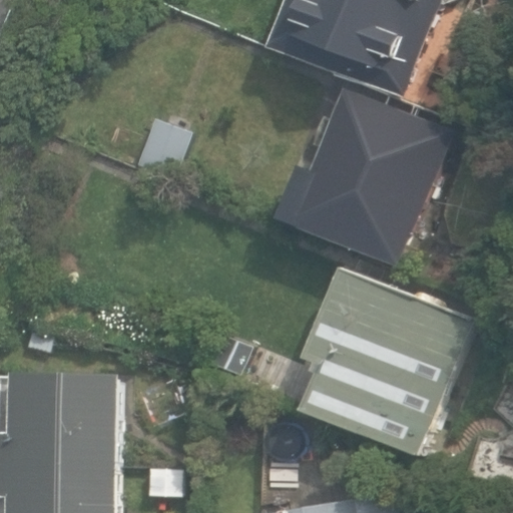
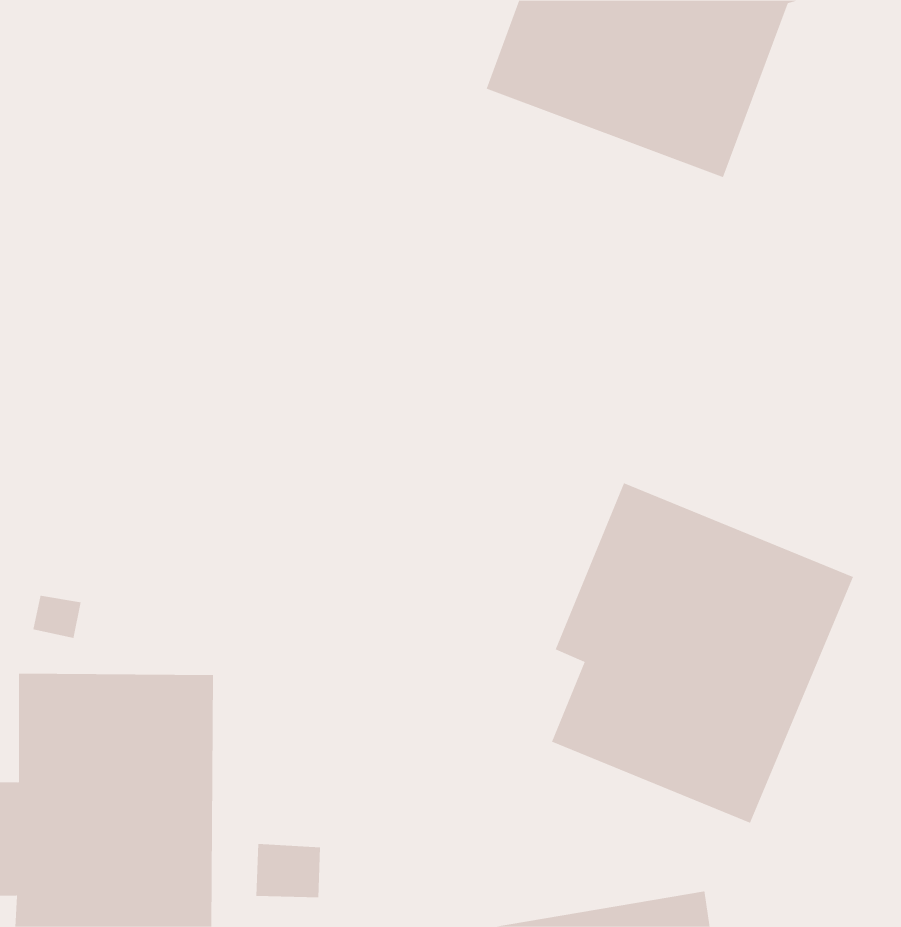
building: [278,91,448,268] -> none

